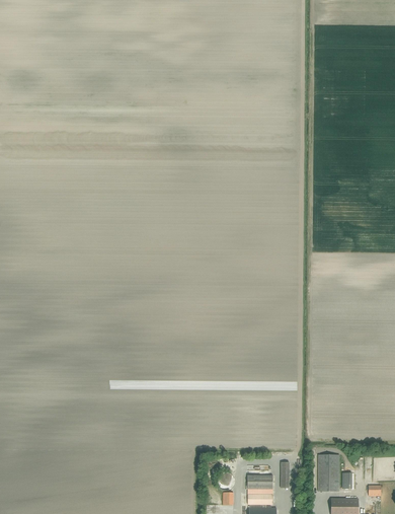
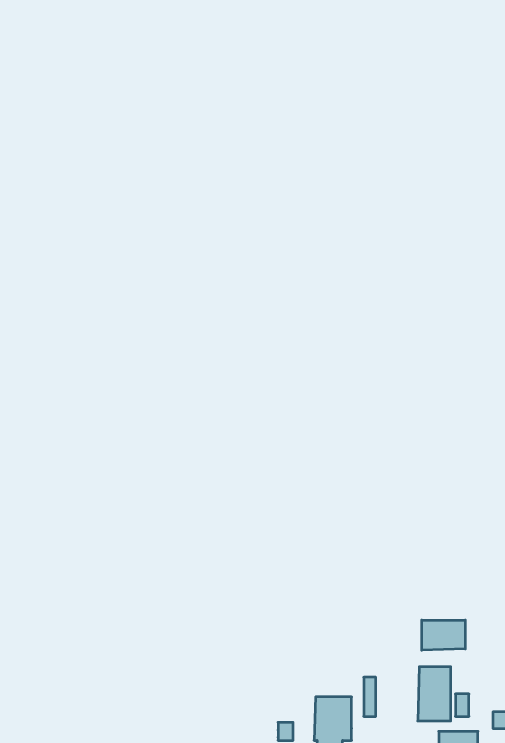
building: none -> [422,620,465,650]

